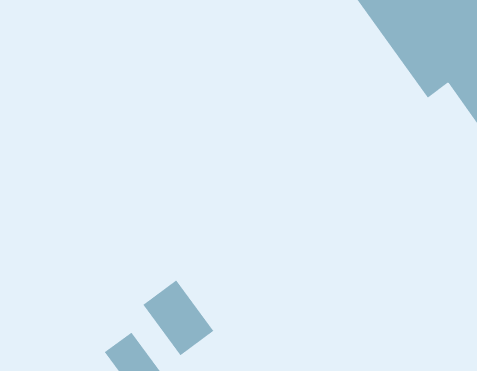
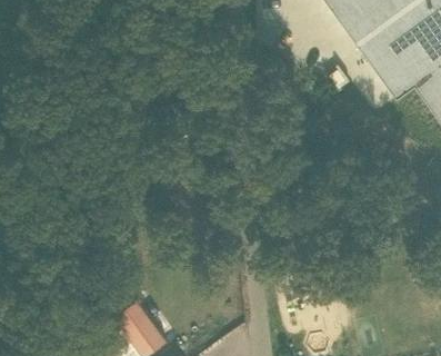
building: [142,279,214,356] -> none

